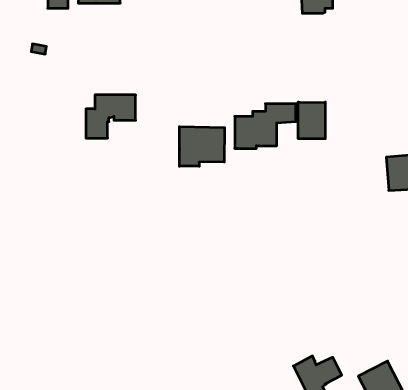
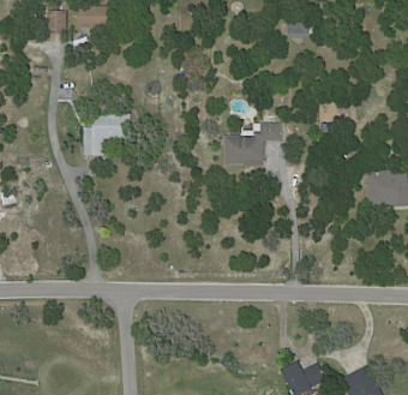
building: [298,102,325,139] -> none
building: [179,127,225,166] -> none

